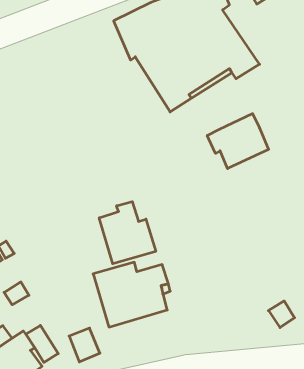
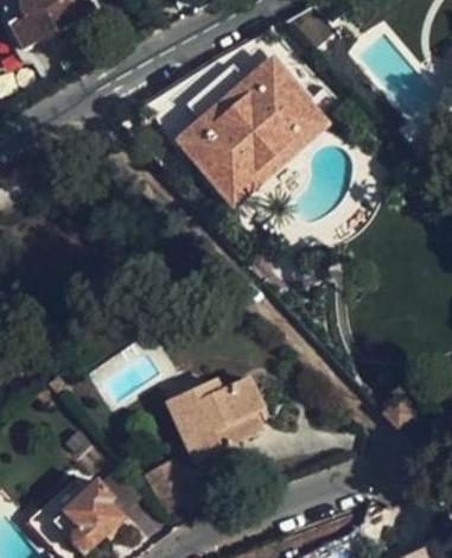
building: [207,114,269,169] -> none
building: [99,202,156,264] -> none

